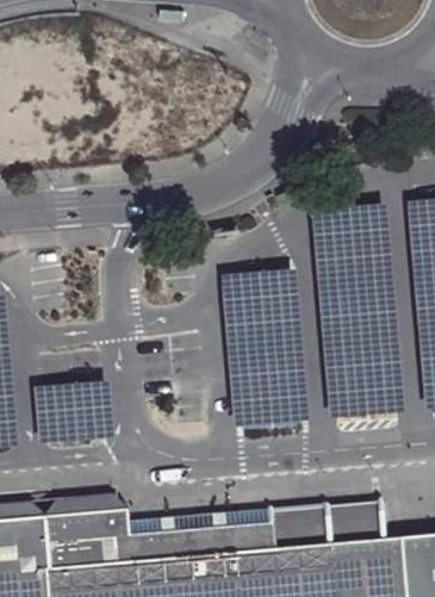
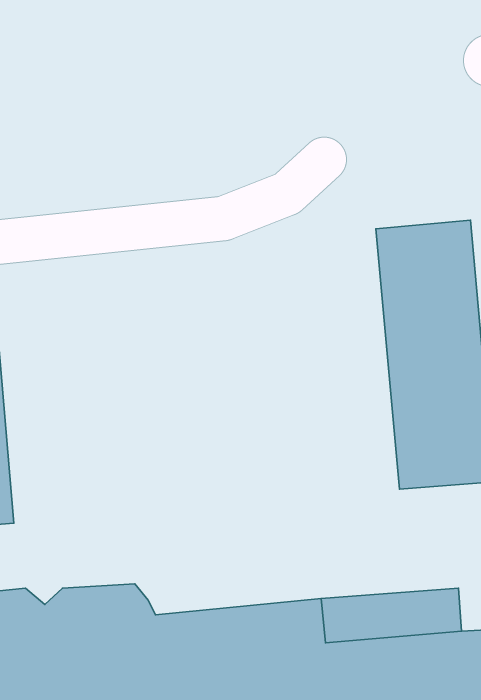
building: [222,270,310,429] -> none
building: [33,384,113,446] -> none

